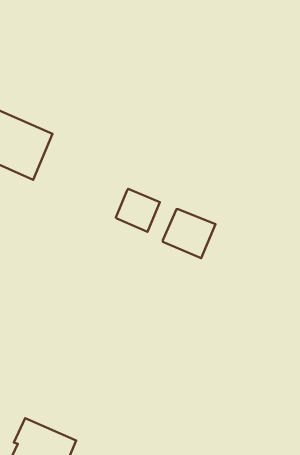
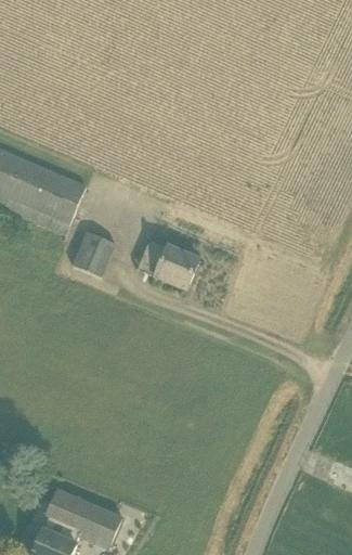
building: none -> [70,231,114,276]
building: [163,209,216,258] -> none

